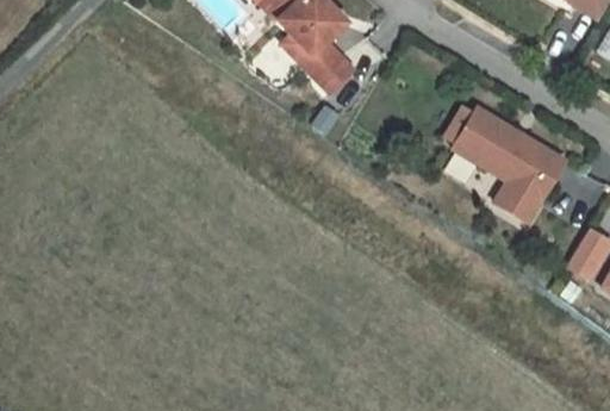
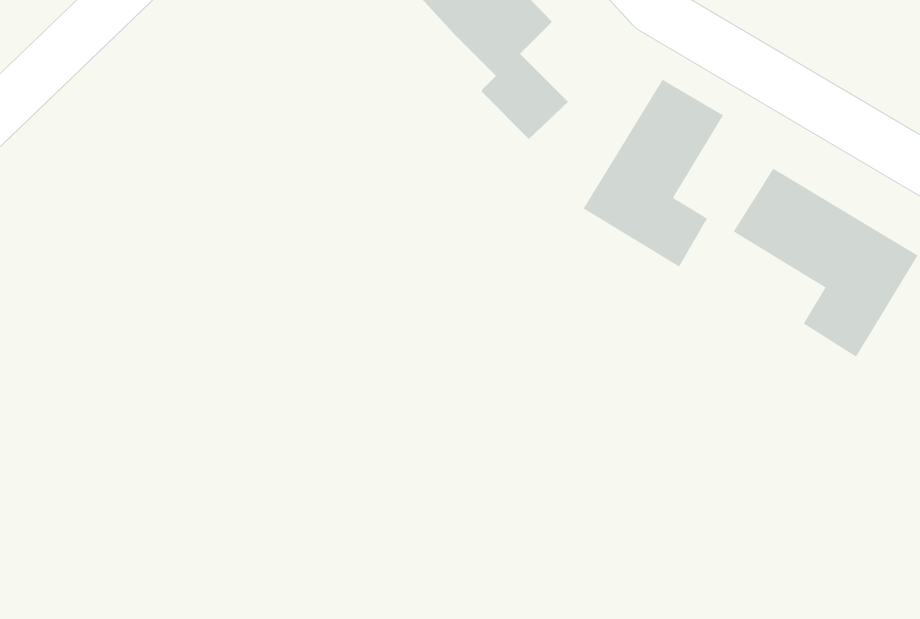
building: none -> [583,79,724,267]

